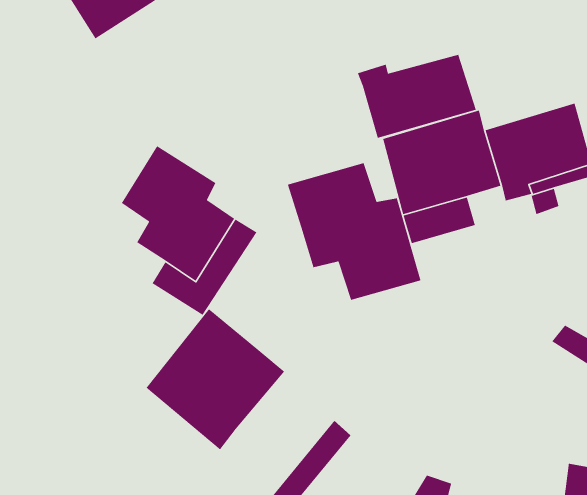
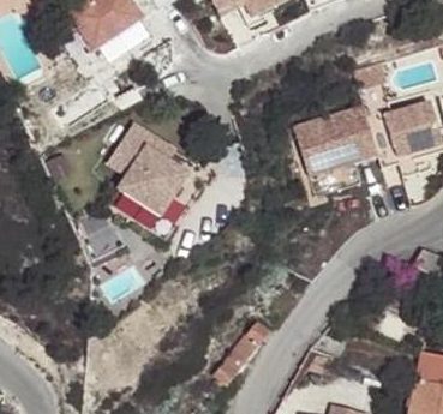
building: [357,54,477,139] -> none
building: [287,162,422,301] -> none
building: [145,308,285,451] -> none

